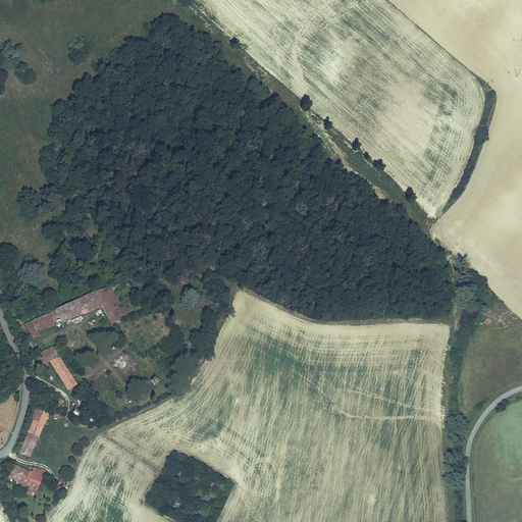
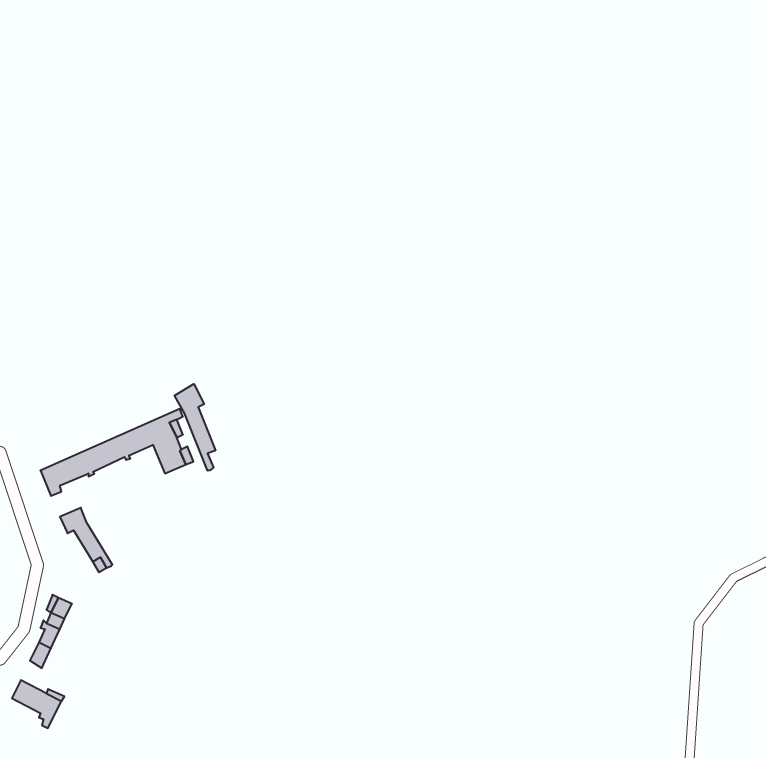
building: none -> [175,384,215,471]

